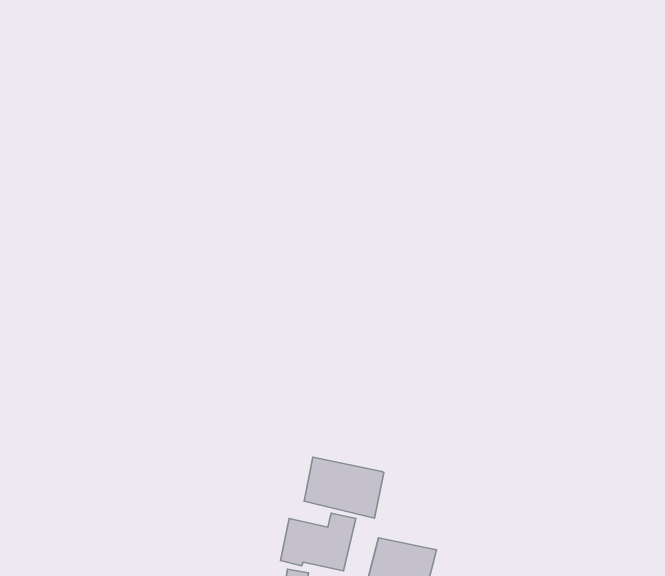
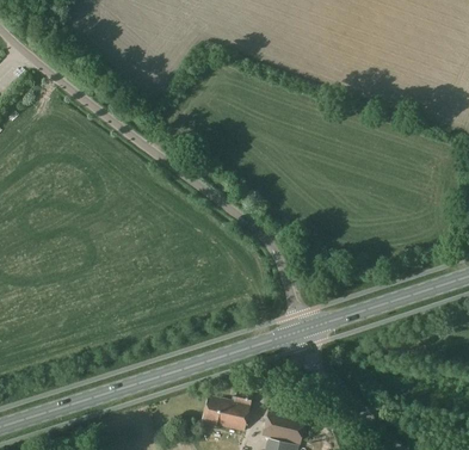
building: [304,457,384,518] -> none

